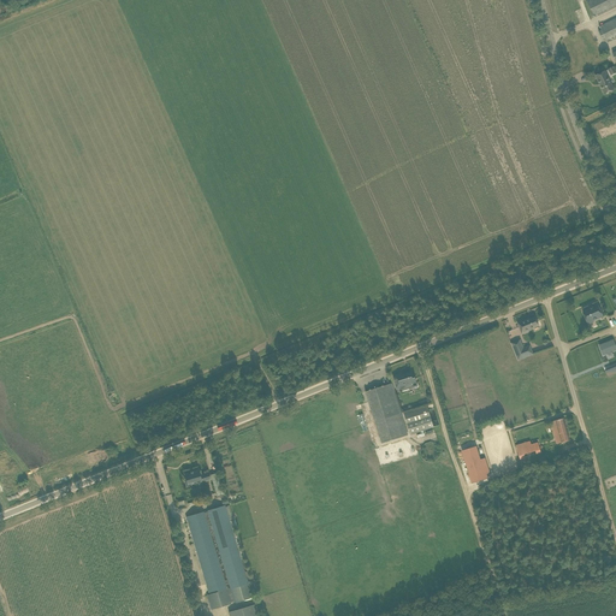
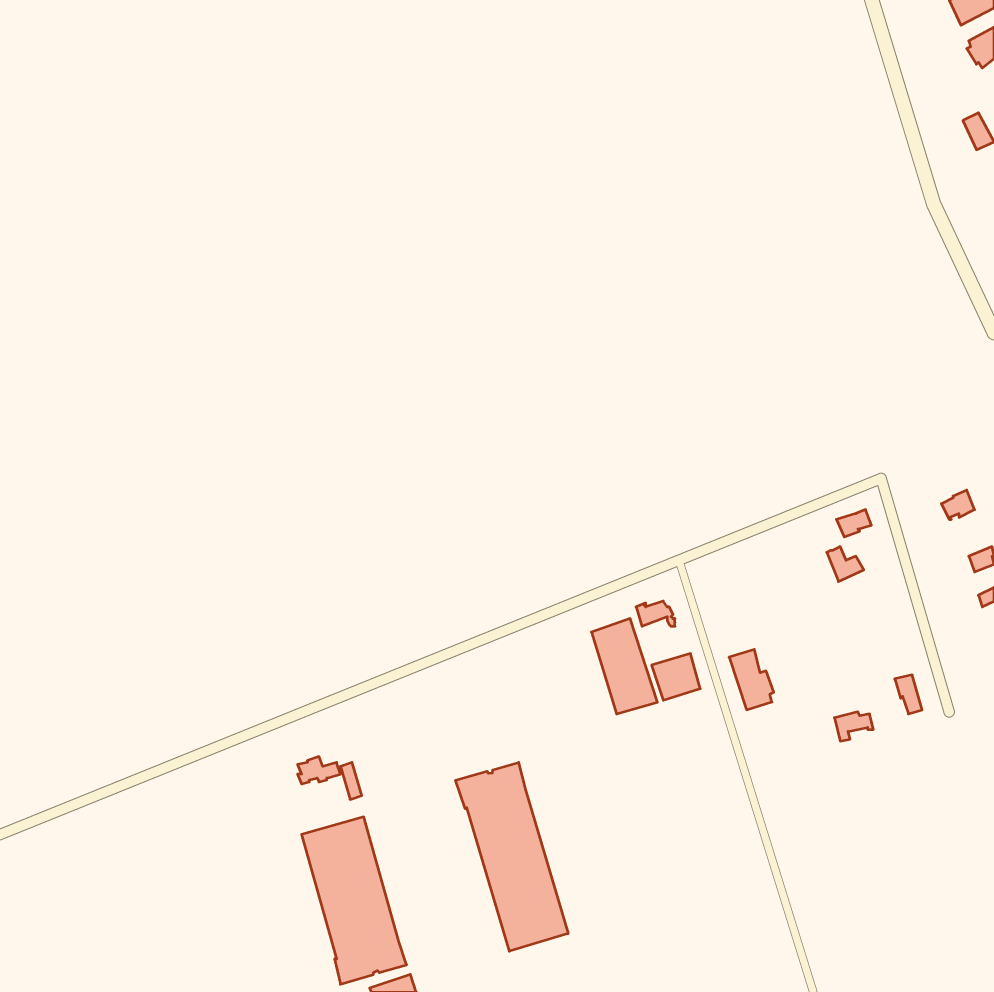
building: [461,445,488,482] -> [729,649,774,710]
building: none -> [456,762,568,951]

